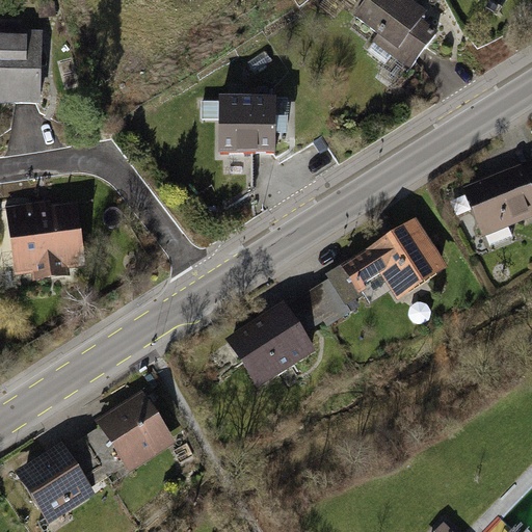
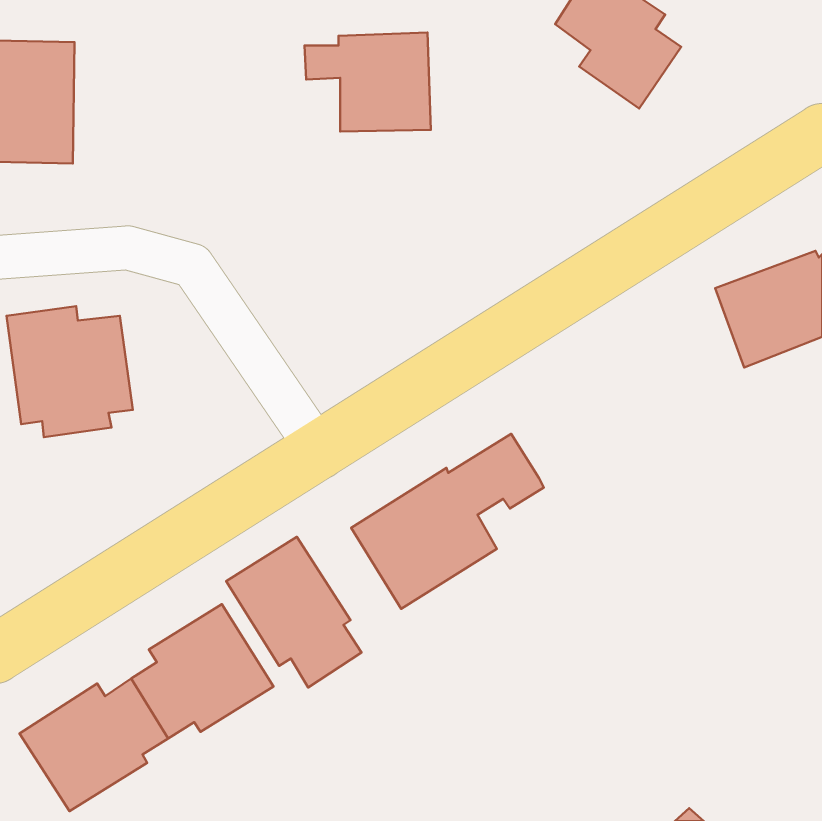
building: [198,94,280,157] -> [305,33,431,131]
building: [326,218,449,307] -> none
building: none -> [226,537,361,688]

